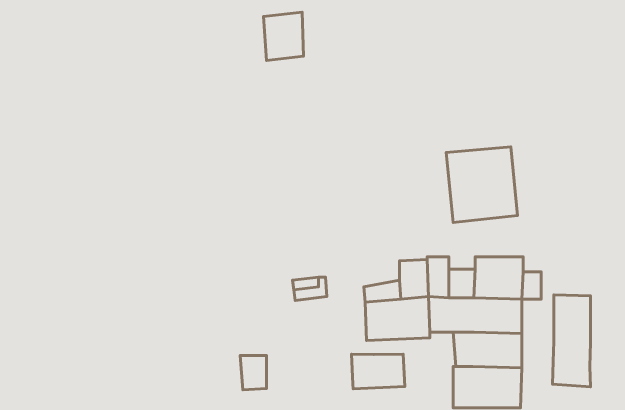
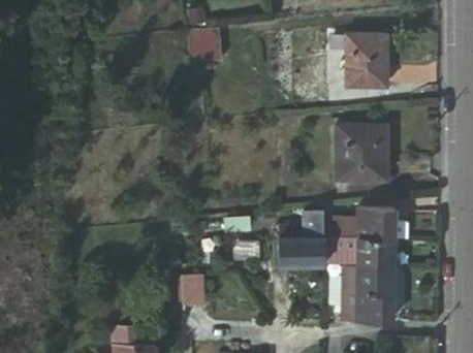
building: none -> [344,32,386,83]
building: [552,295,591,387] -> none
building: [351,354,405,389] -> none

